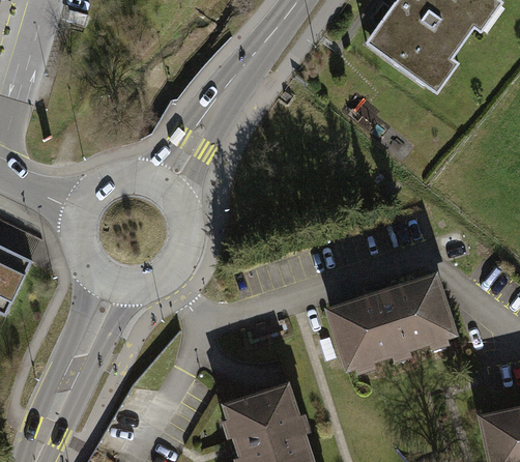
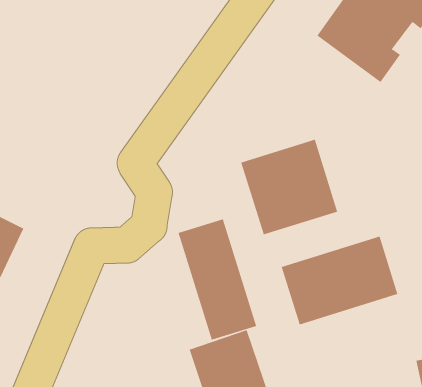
building: none -> [241,139,338,235]
building: none -> [178,218,257,340]

